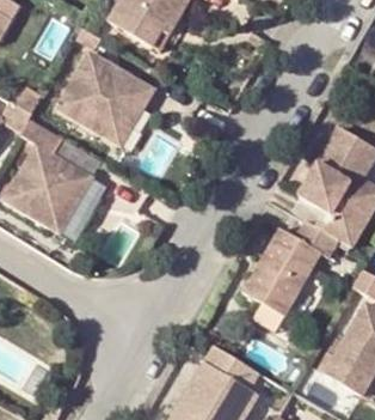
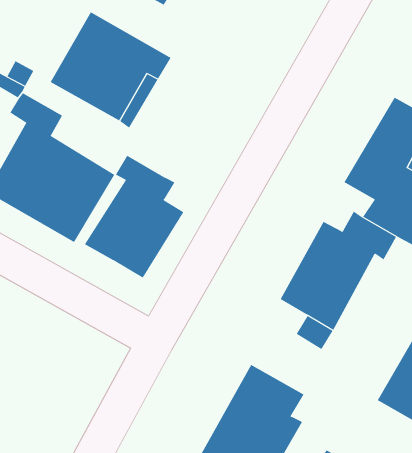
building: none -> [84,155,184,278]

